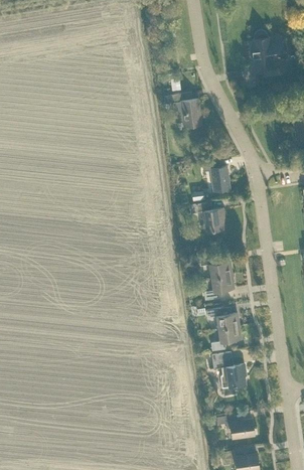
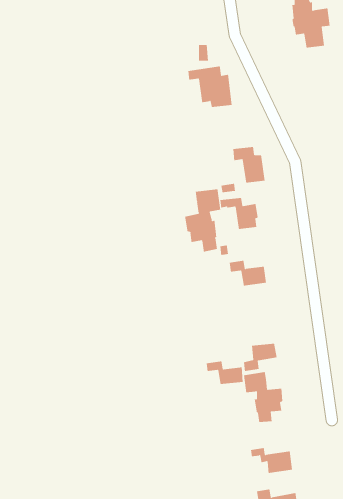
building: none -> [184,188,221,253]
building: [203,277,233,301] -> none
building: [205,310,238,330] -> [206,361,244,385]

